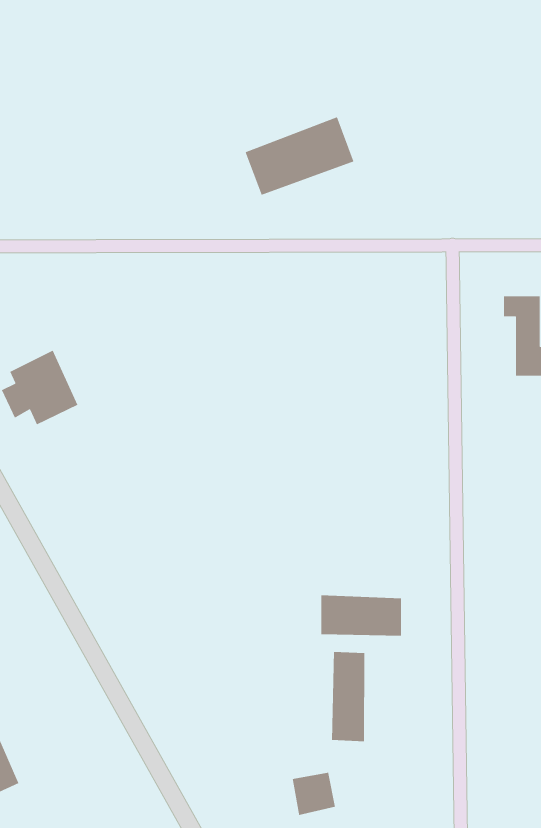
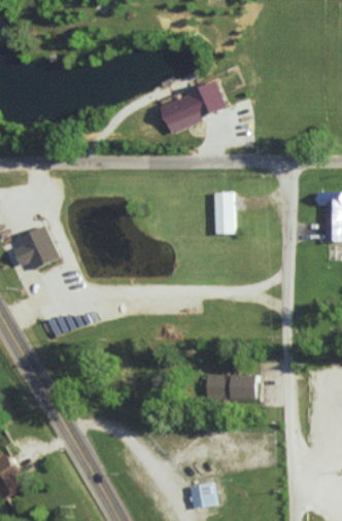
building: none -> [213,192,234,234]
building: [331,651,365,742] -> none

